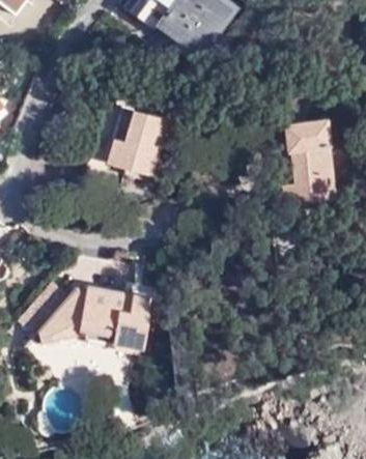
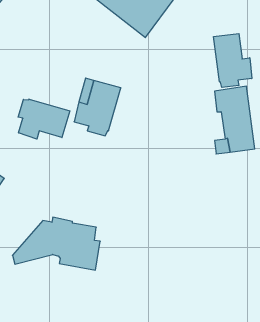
building: none -> [214,34,252,87]
building: none -> [18,99,70,139]

